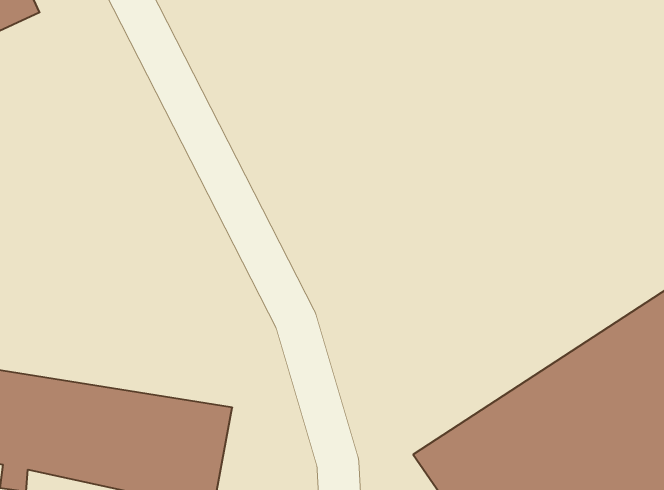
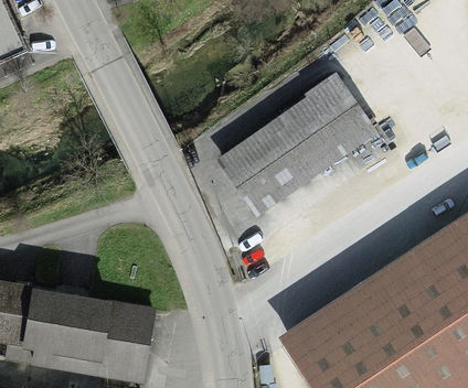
building: none -> [220,75,379,214]

